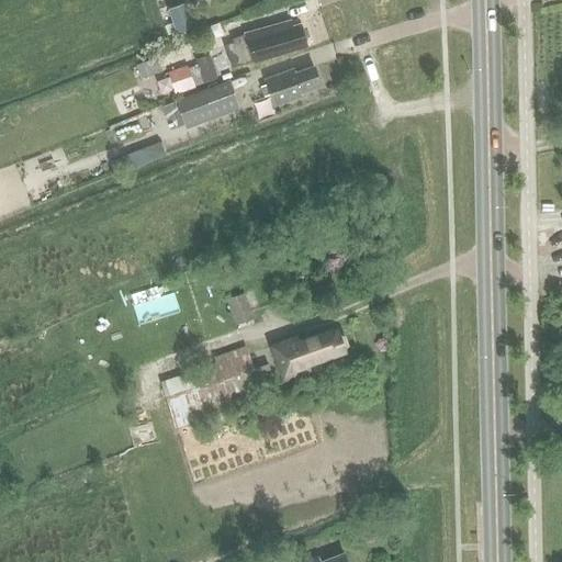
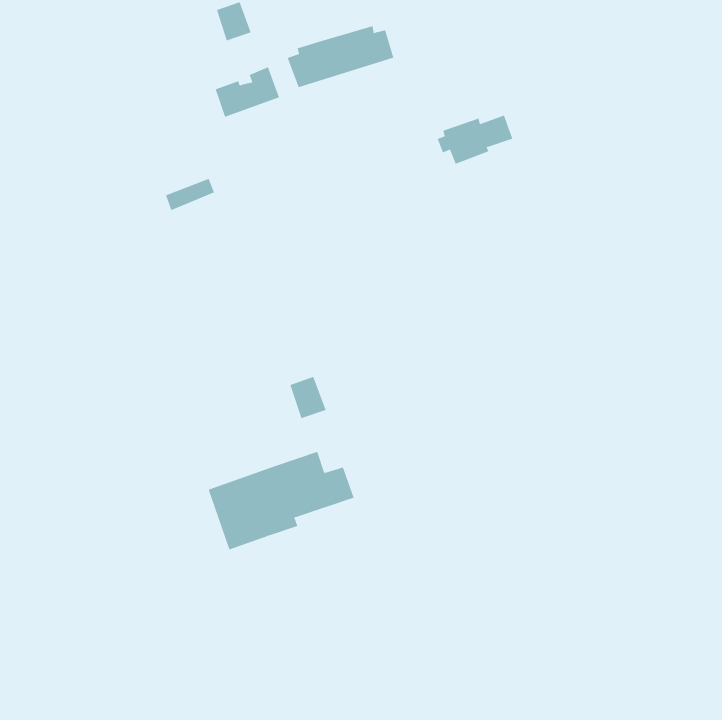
building: [260,66,319,104] -> [437,115,513,164]
building: [161,79,239,128] -> none
building: [271,328,348,378] -> none

